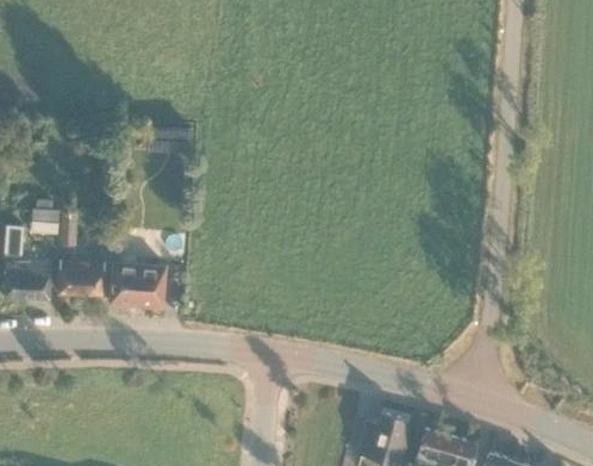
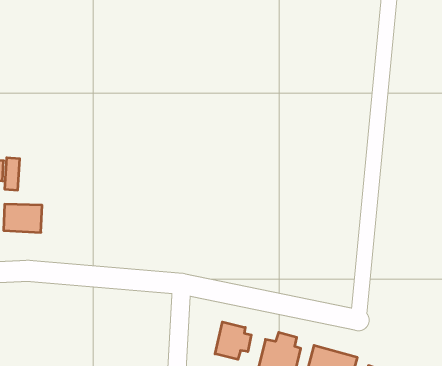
building: [110,263,164,309] -> none
building: none -> [215,322,251,359]

